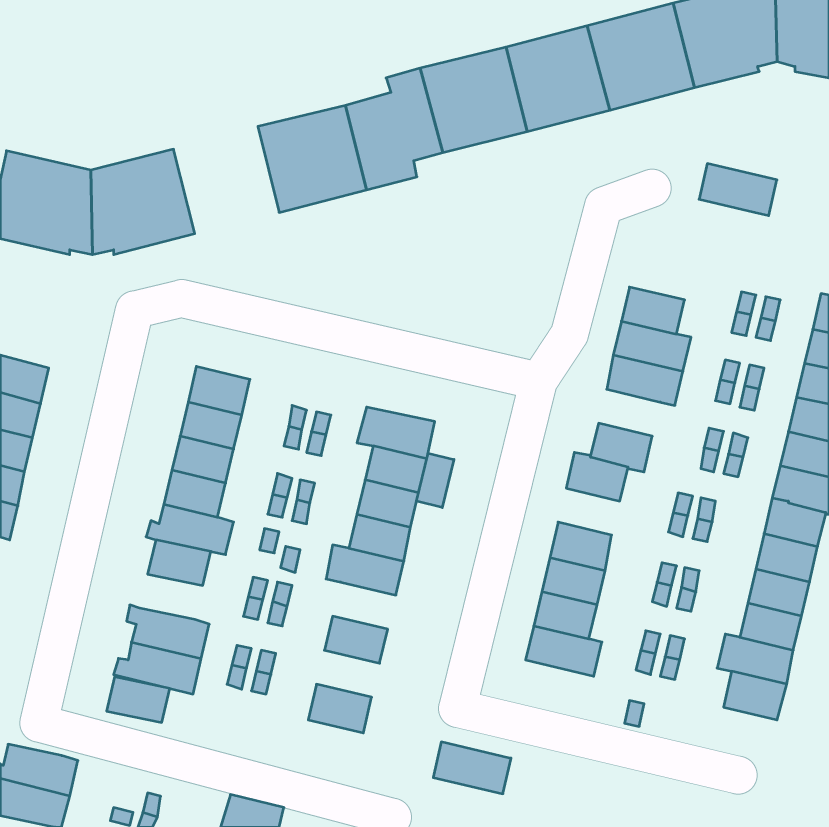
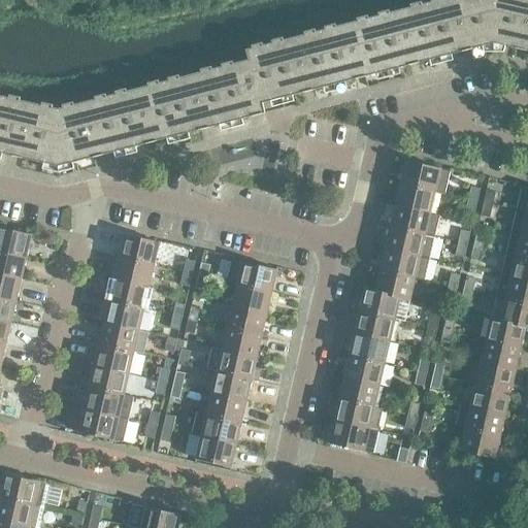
building: none -> [110,80,177,148]
building: [699,164,777,216] -> [400,160,450,193]
building: none -> [381,248,429,279]
building: [417,453,454,508] -> none
building: none -> [355,310,394,340]
building: none -> [211,370,252,400]
building: none -> [192,411,241,443]
building: [107,677,170,722] -> [89,365,129,394]
building: [433,742,511,794] -> [329,420,378,453]

